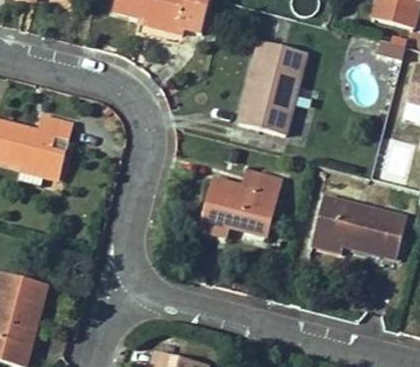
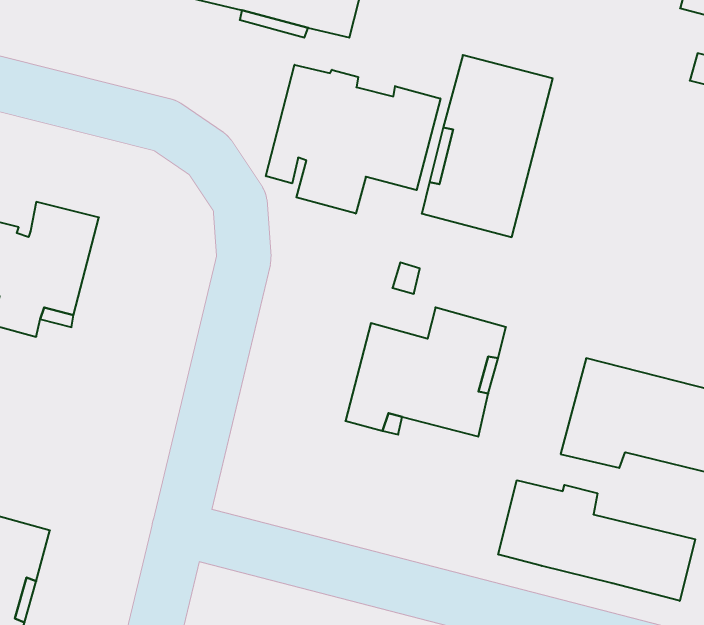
building: none -> [266,65,440,214]
building: none -> [498,480,695,601]

